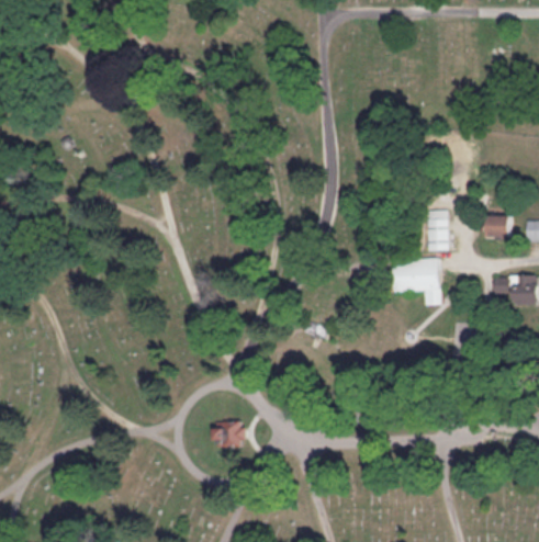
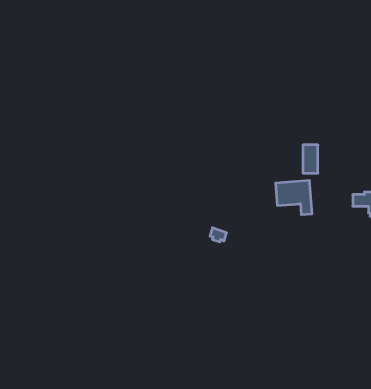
building: [486,216,510,238] -> none
building: [214,422,245,448] -> none

